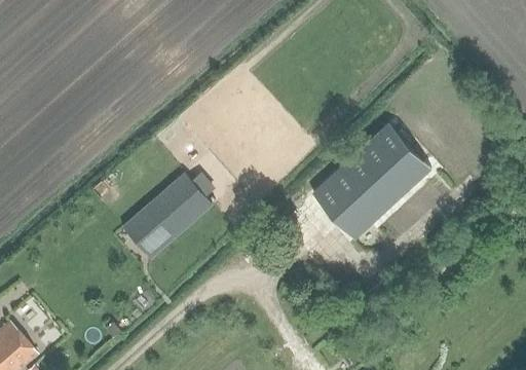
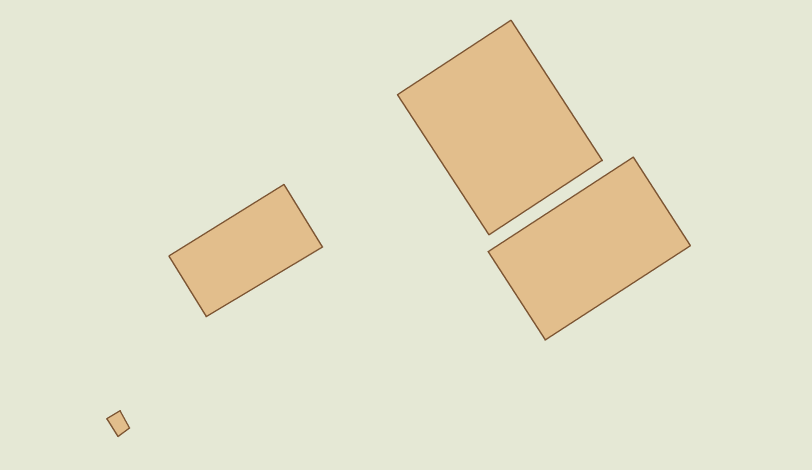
building: none -> [398,20,602,235]

